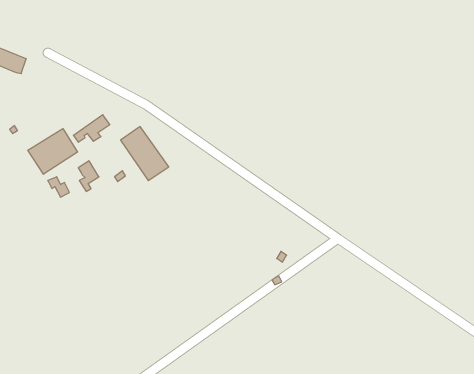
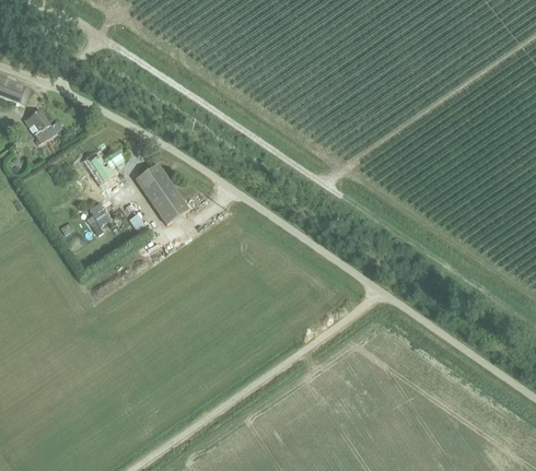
building: none -> [28,109,55,143]
building: [28,129,77,174] -> none

